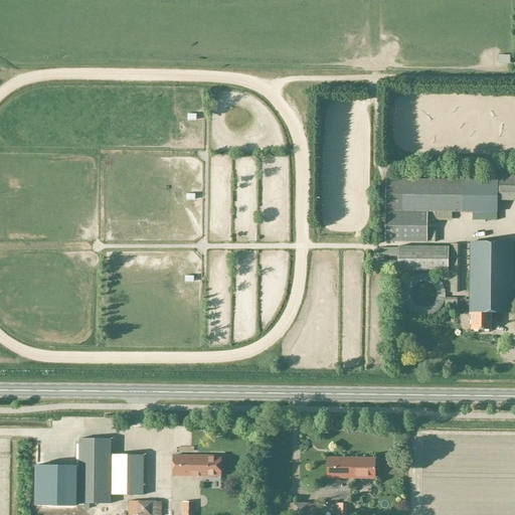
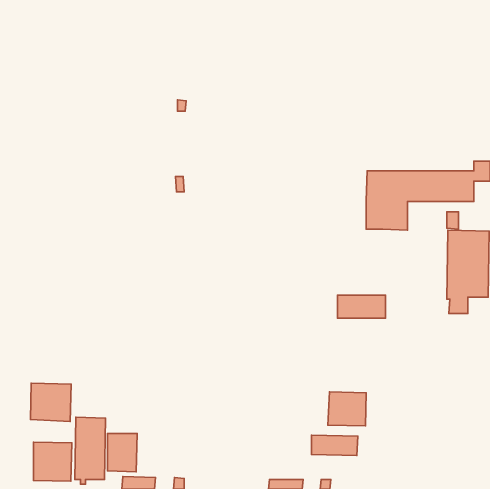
building: [398,247,449,272] -> [337,295,385,318]
building: none -> [30,383,71,421]
building: none -> [328,392,366,426]
building: [173,455,221,476] -> none

